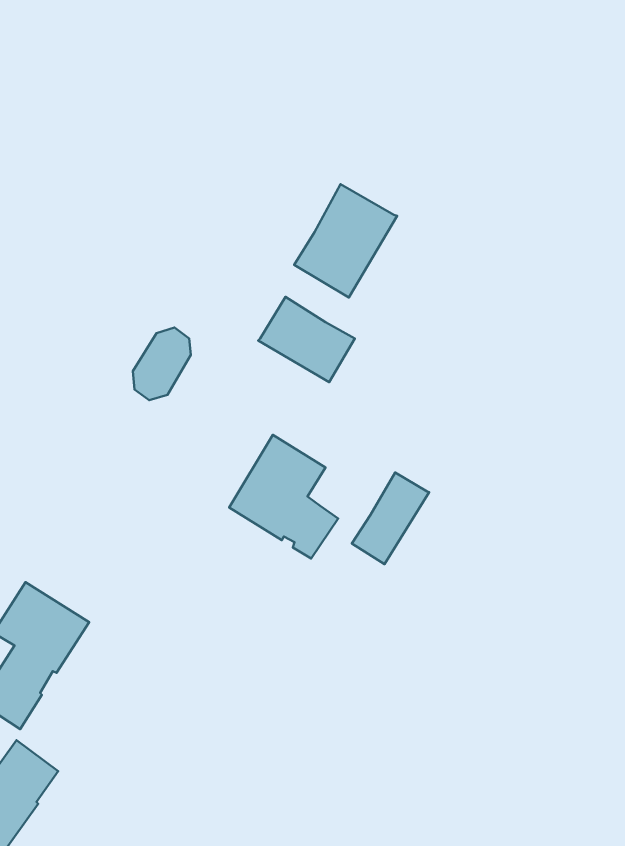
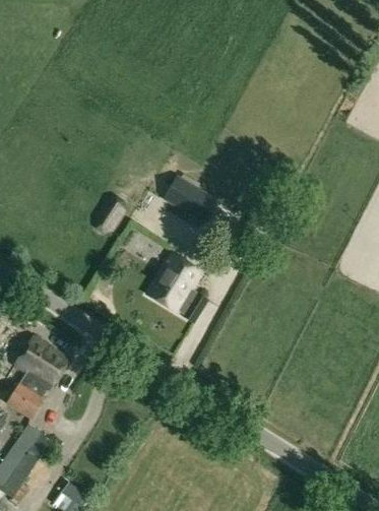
building: [294,184,397,297] -> none
building: [352,473,429,564] -> none

